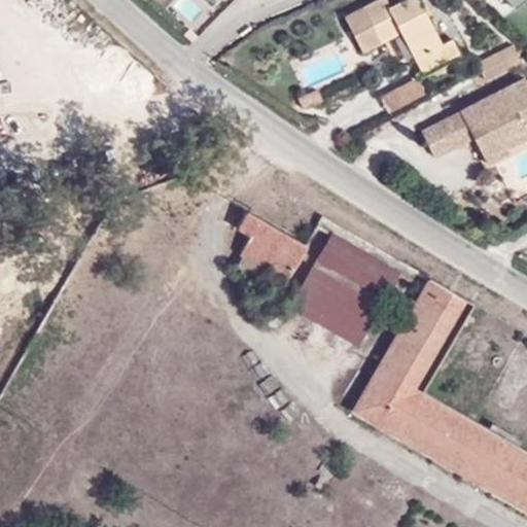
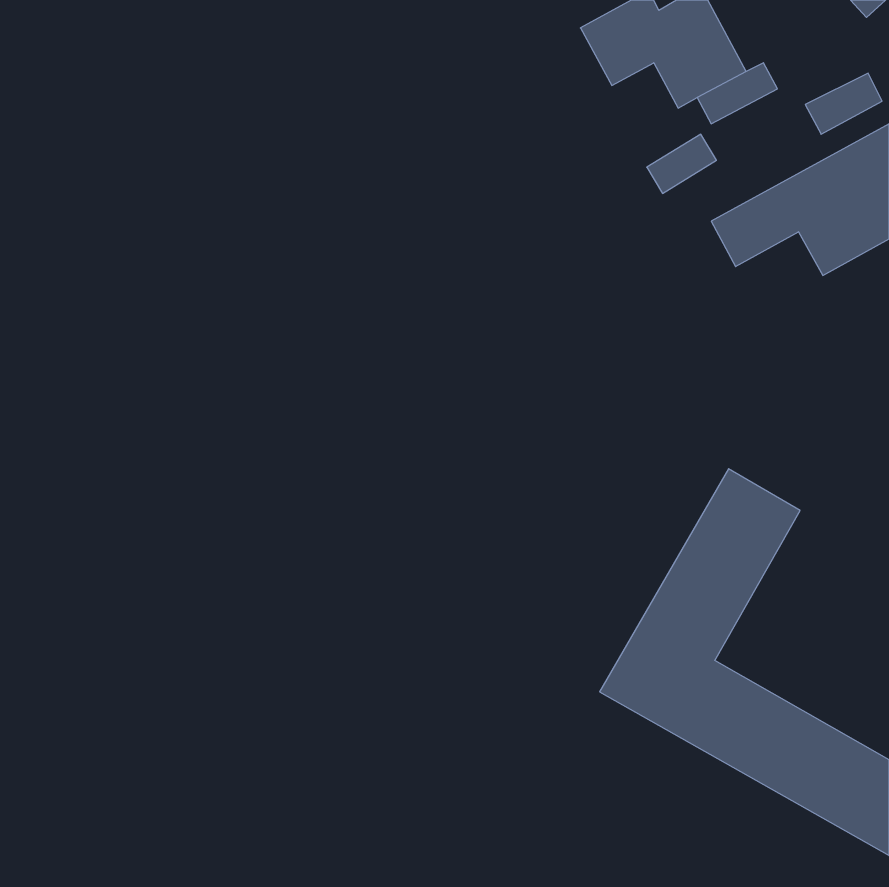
building: [237,211,307,281] -> none
building: [317,234,398,298] -> none
building: [287,269,379,351] -> none

